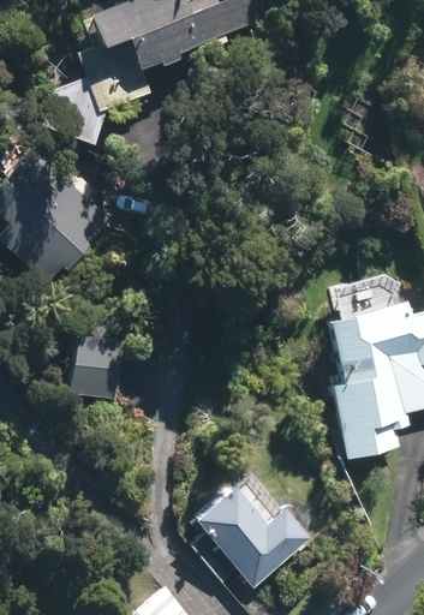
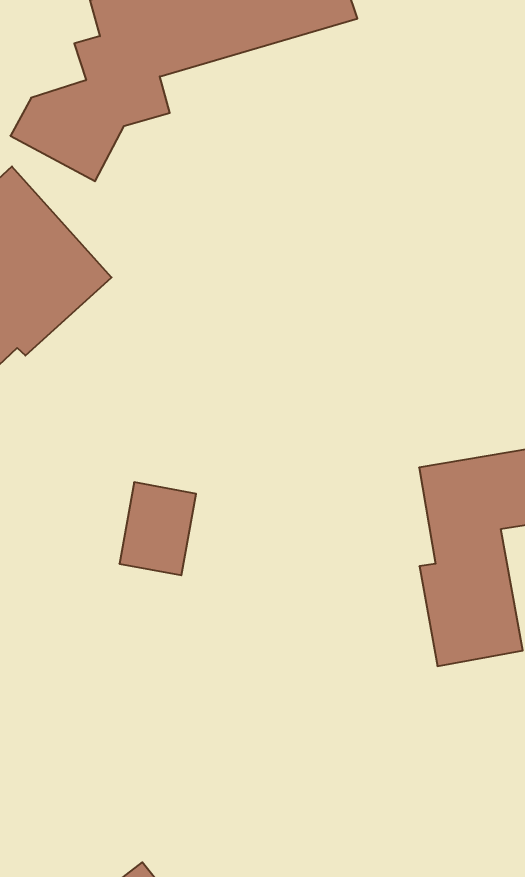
building: [70,334,118,394] -> [119,482,196,575]
building: [197,486,309,583] -> none

